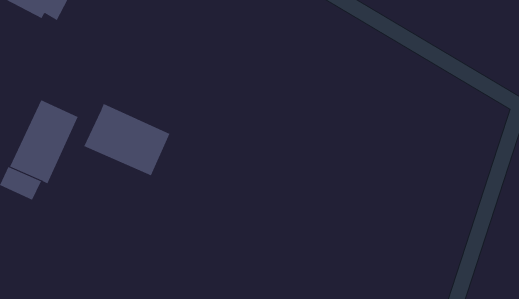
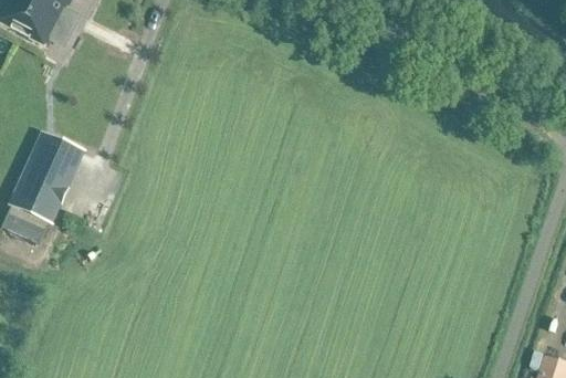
building: [84,103,170,176] -> none

